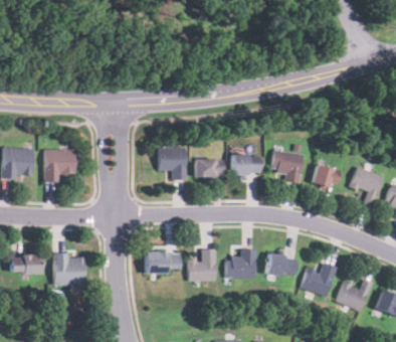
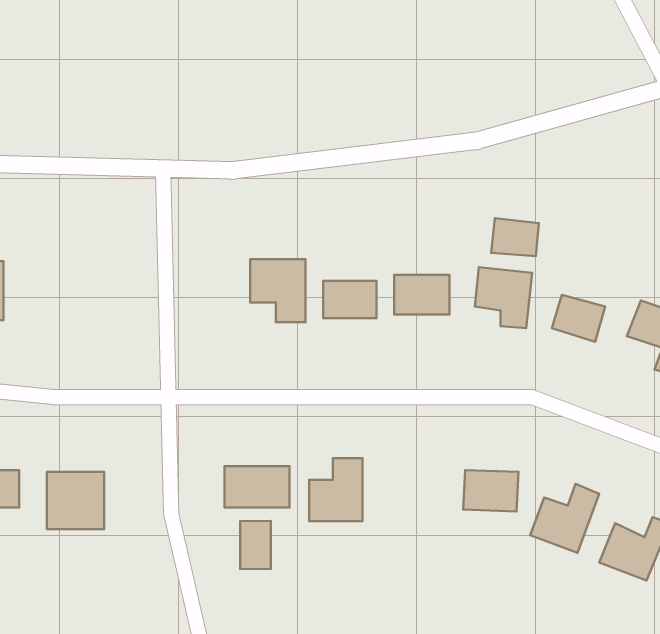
building: none -> [491,218,539,256]
building: [44,150,74,181] -> none
building: [226,249,254,279] -> none
building: none -> [240,521,271,569]

